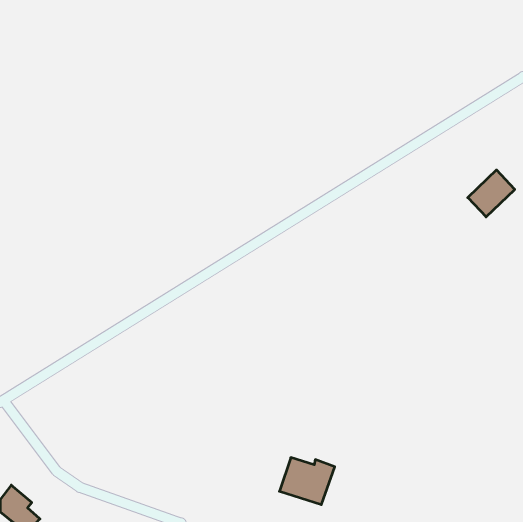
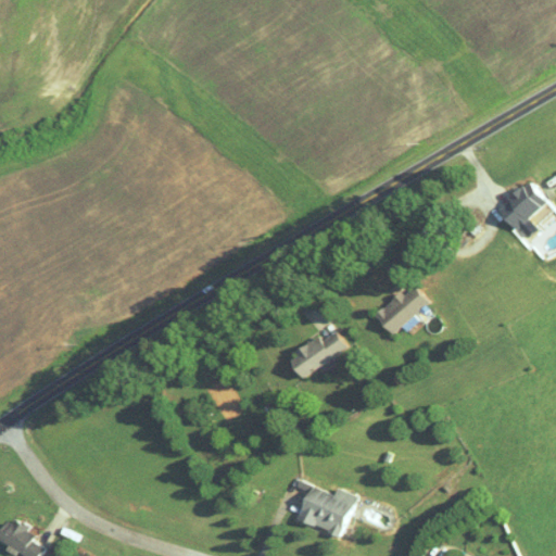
building: none -> [375,287,427,333]
building: none -> [287,331,346,378]

